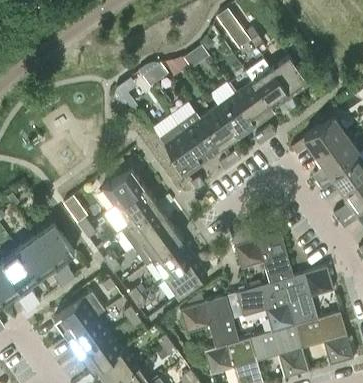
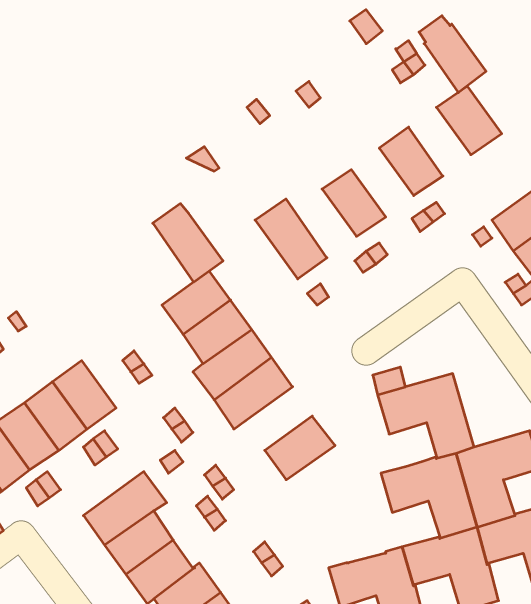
building: [249,64,290,111] -> [419,16,486,93]
building: [217,94,255,136] -> none
building: [177,113,220,161] -> [153,204,223,282]
building: [152,240,193,279] -> none
building: [179,294,238,348] -> none

